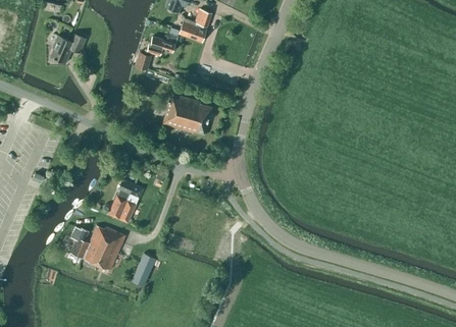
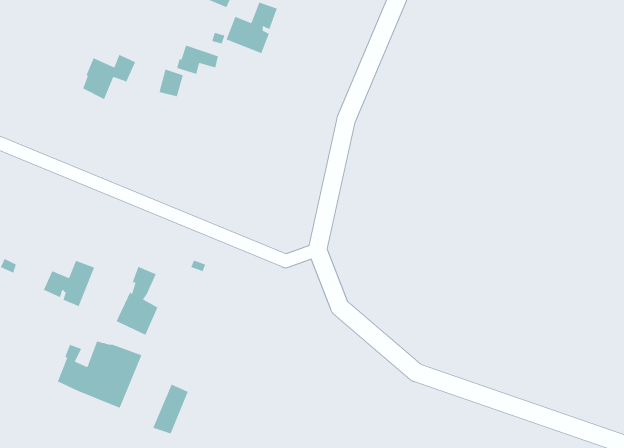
building: [50,34,85,63] -> [82,54,136,100]
building: [162,94,212,134] -> none
building: none -> [43,260,95,307]

